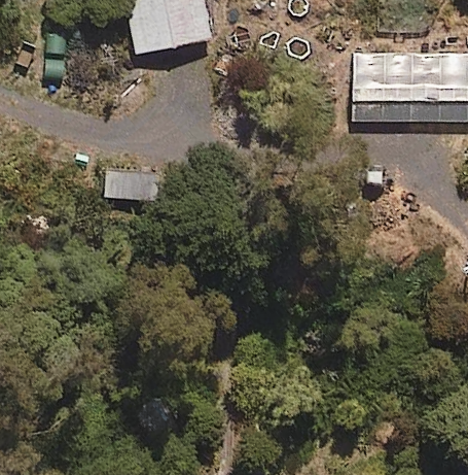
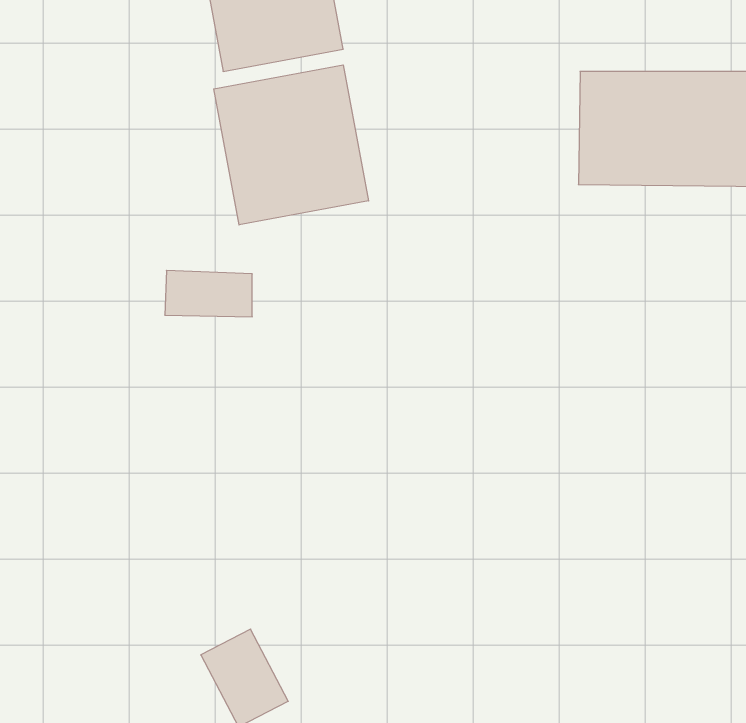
building: none -> [214,65,369,225]

